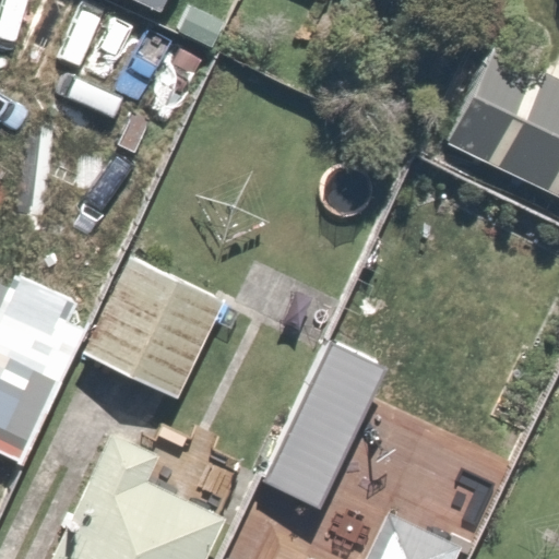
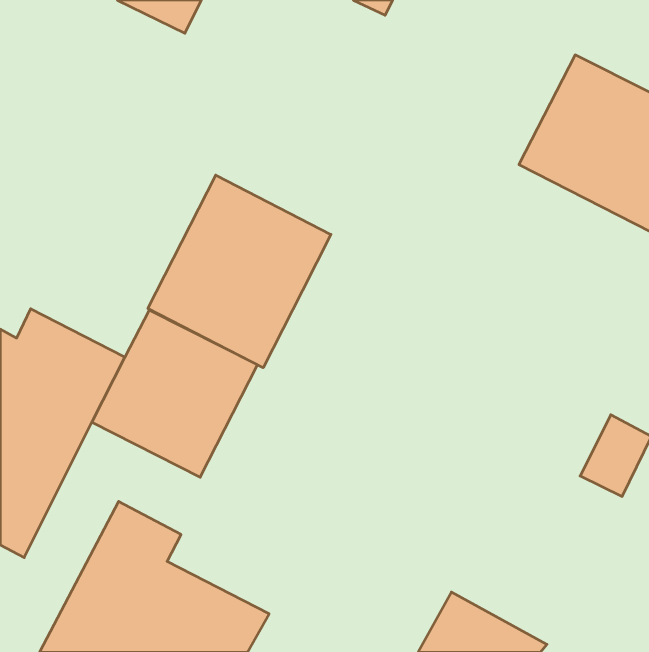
building: none -> [148,175,331,368]
building: [258,334,388,510] -> none

